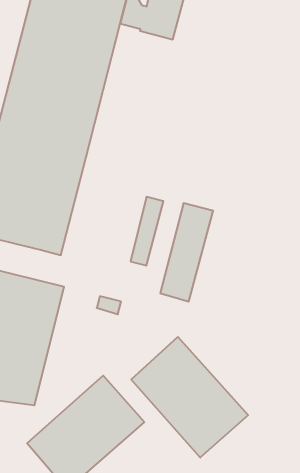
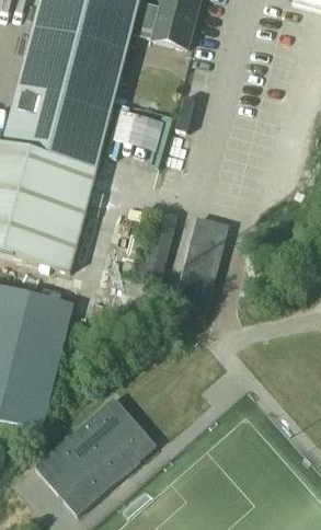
building: [131,337,248,458] -> none

